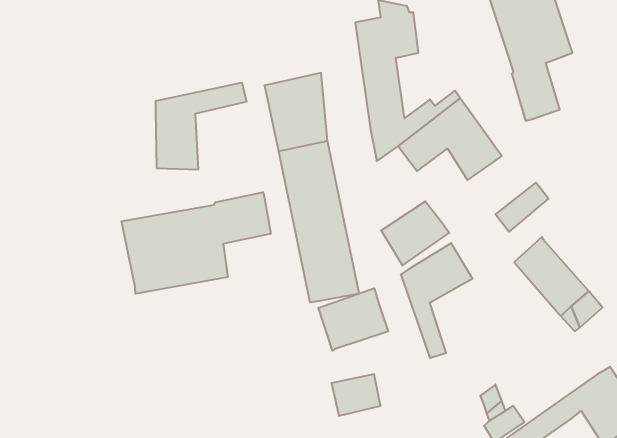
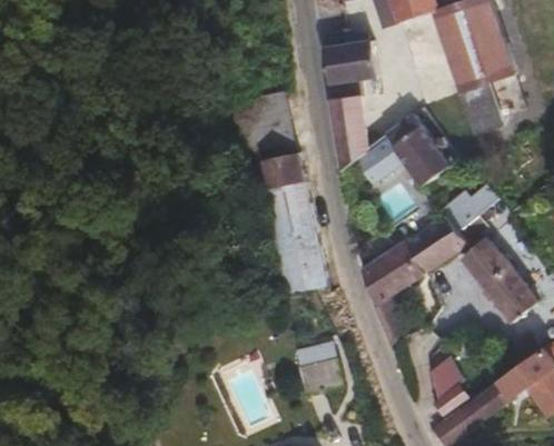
building: [156,83,247,170] -> none
building: [122,192,271,294] -> none
building: [381,201,449,266] -> [406,216,466,272]
building: [318,288,388,351] -> none

